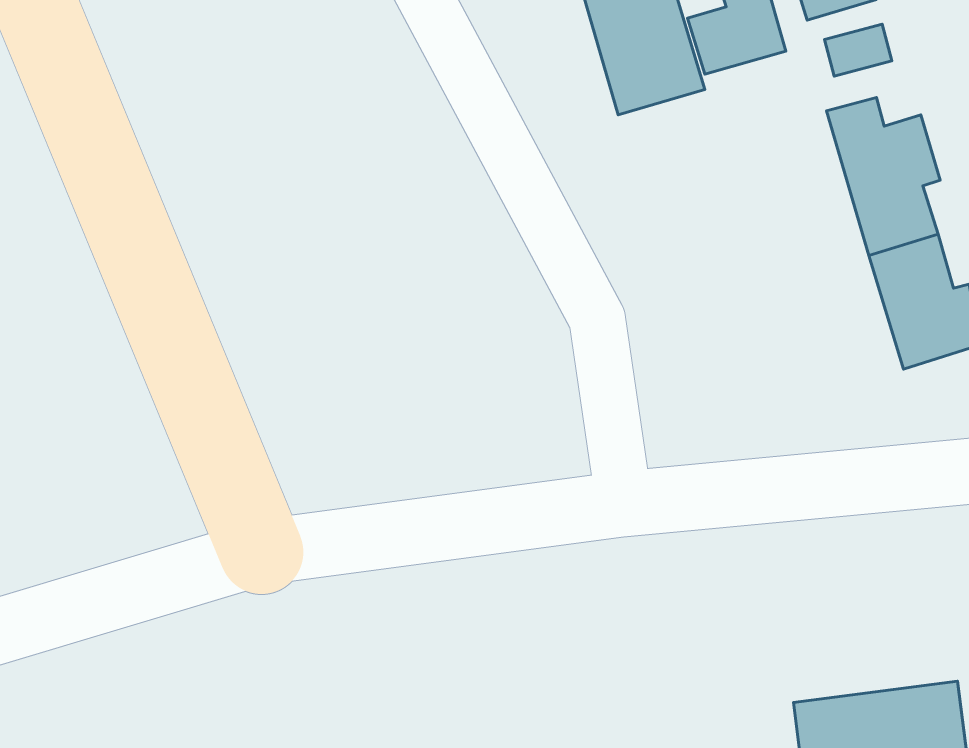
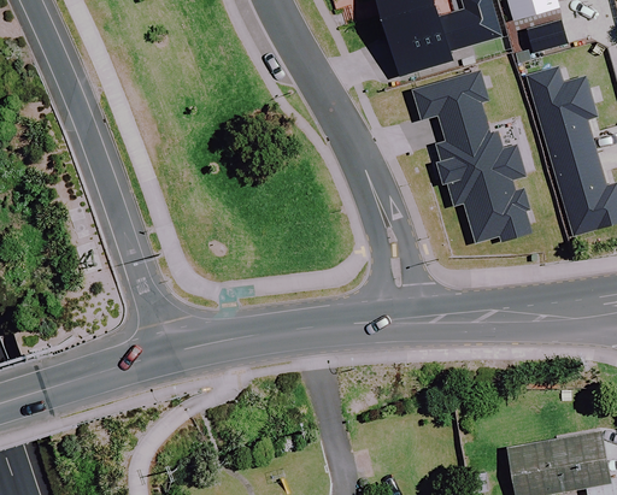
building: none -> [411,70,533,243]

